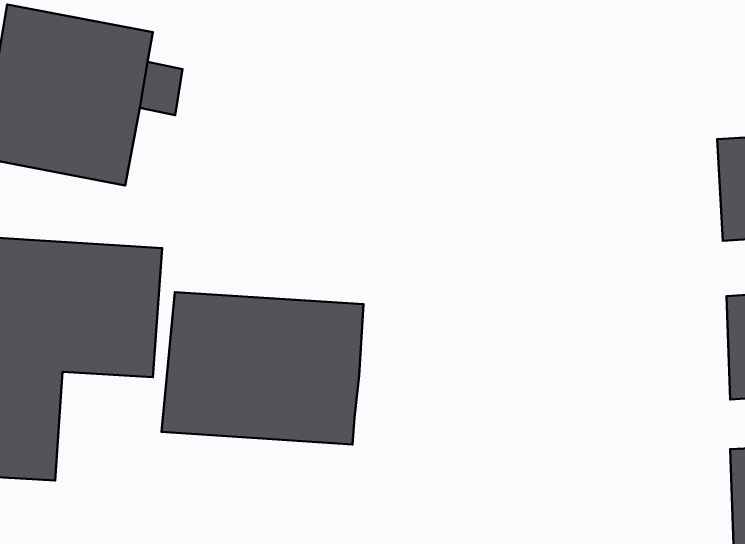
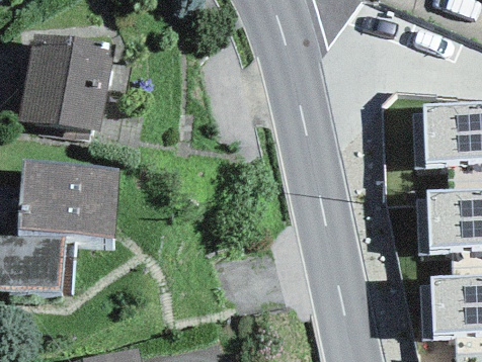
building: [161,292,364,444] -> none

